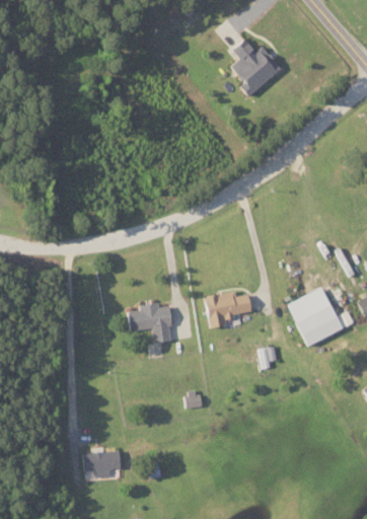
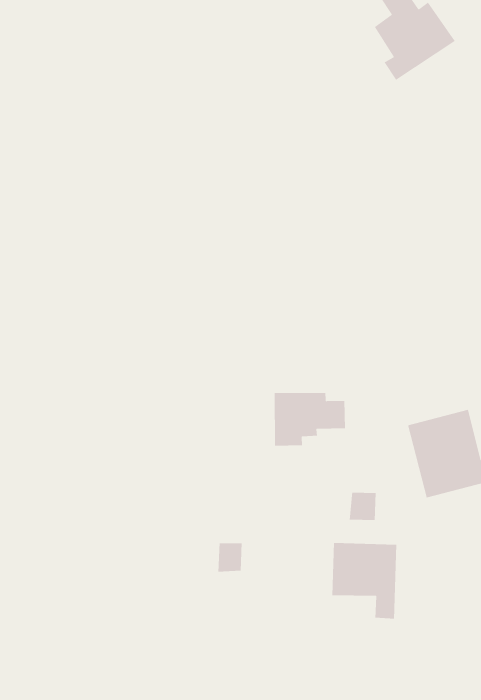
building: [128,303,172,343] -> none
building: none -> [331,542,397,619]
building: [83,449,122,478] -> none

